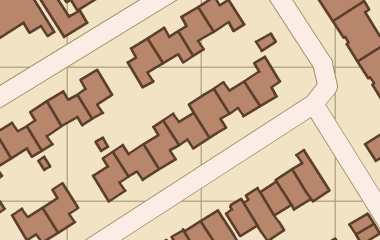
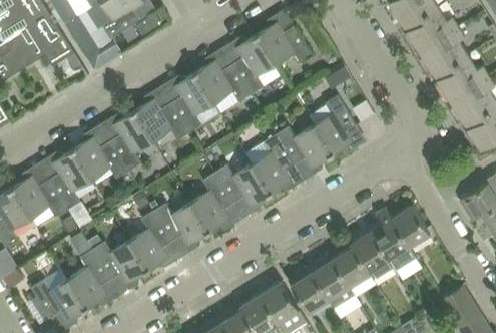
building: none -> [134,99,189,141]
building: none -> [385,206,430,247]
building: none -> [87,236,148,283]

